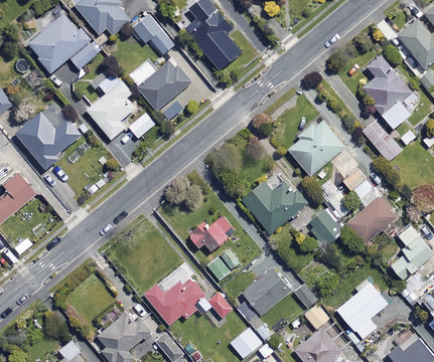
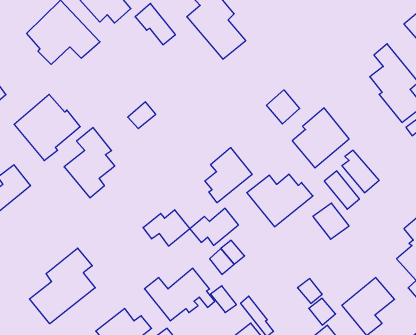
building: [139,59,192,112] -> none
building: [87,71,136,140] -> [64,128,115,198]
building: none -> [267,90,300,124]
building: [361,120,401,162] -> none
building: none -> [205,148,252,203]
building: [346,195,398,244] -> none
building: none -> [143,210,190,246]
building: none -> [29,248,95,324]
building: [244,268,291,314] -> none

